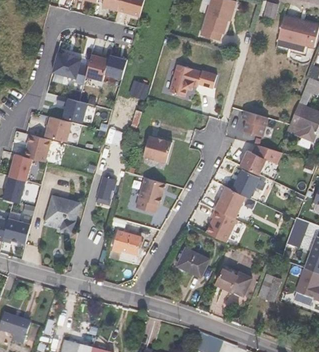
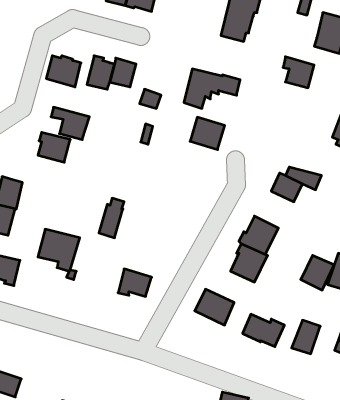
building: [241,110,267,136] -> [283,57,314,88]
building: [22,134,51,161] -> none
building: [143,135,172,162] -> [190,117,225,150]
building: [232,169,260,198] -> [301,255,334,290]
building: [136,177,165,211] -> none

